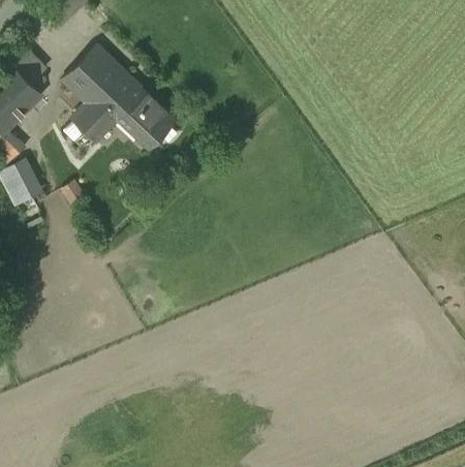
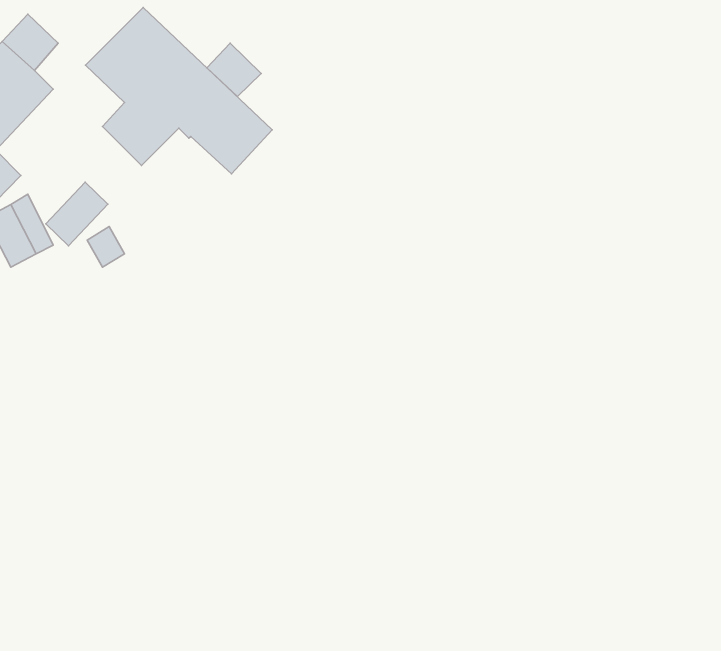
building: none -> [207,43,261,97]
building: none -> [46,182,108,246]

